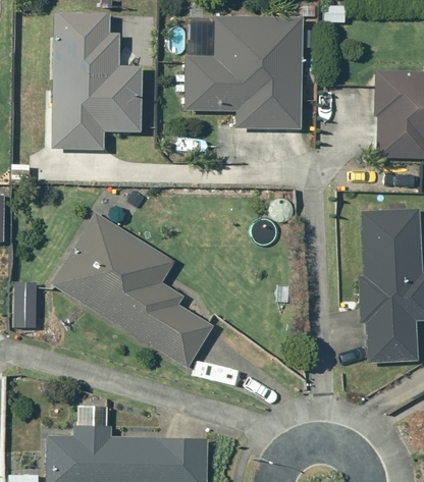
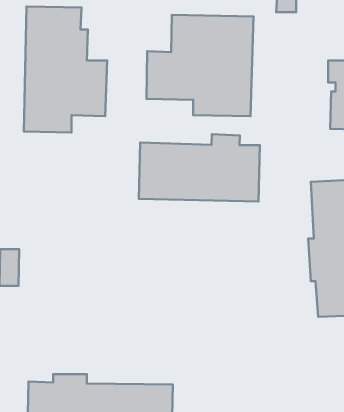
building: none -> [139,134,260,202]
building: [52,212,214,367] -> none

